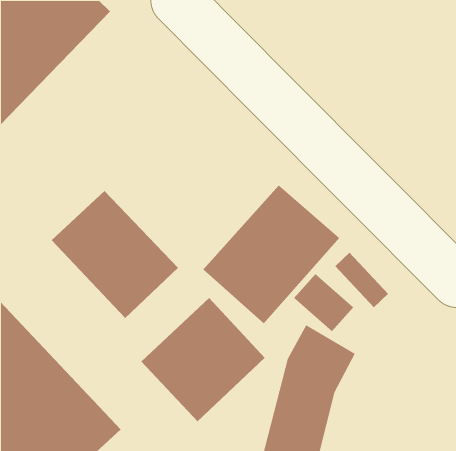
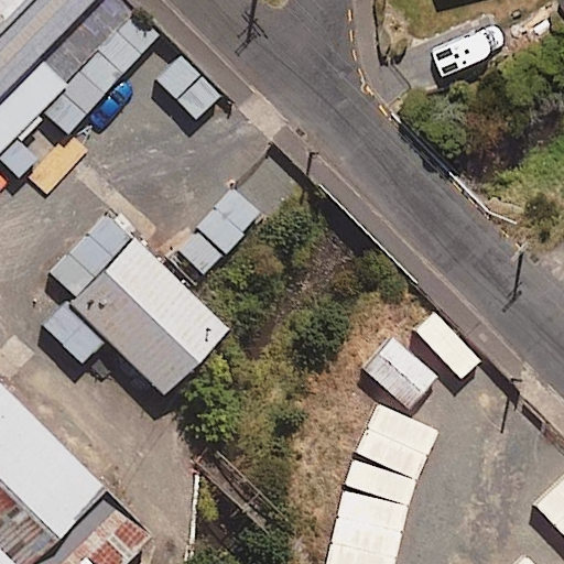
building: [203,184,340,324] -> none
building: [141,297,265,422] -> none

